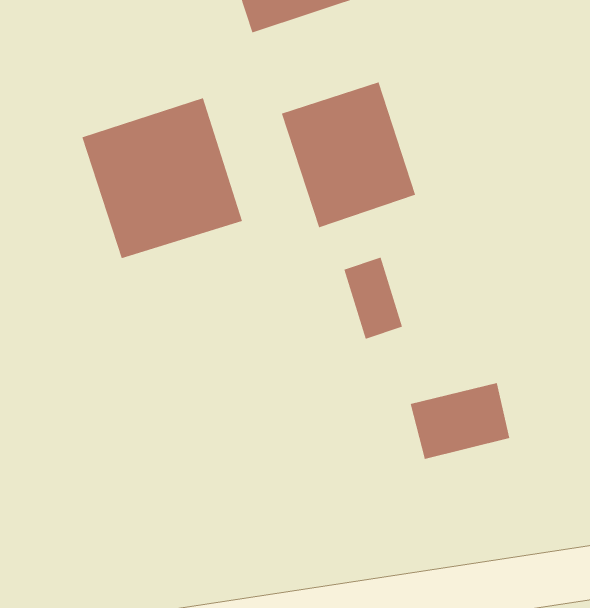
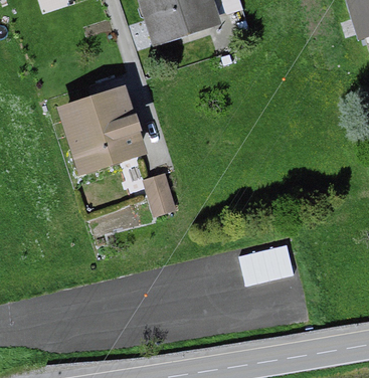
building: [281,81,416,228] -> none
building: [344,257,403,339] -> [143,173,176,219]

